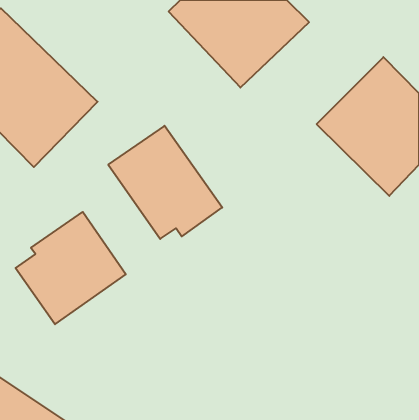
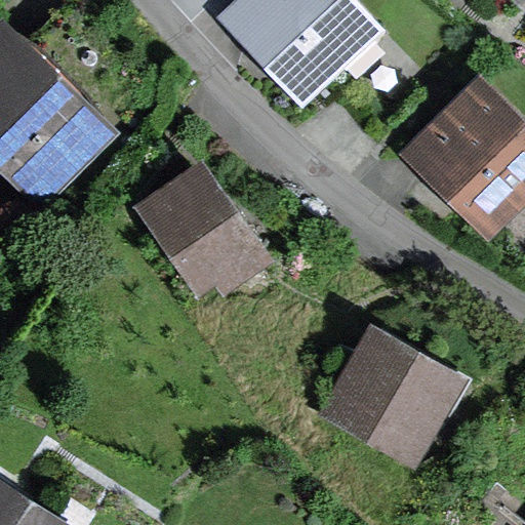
building: [16,212,126,324] -> none
building: none -> [318,319,471,469]

